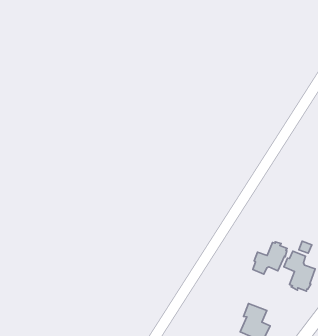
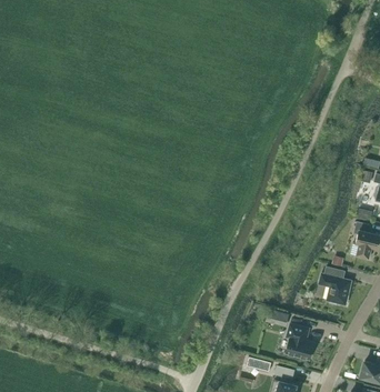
building: [253,242,287,274] -> none

